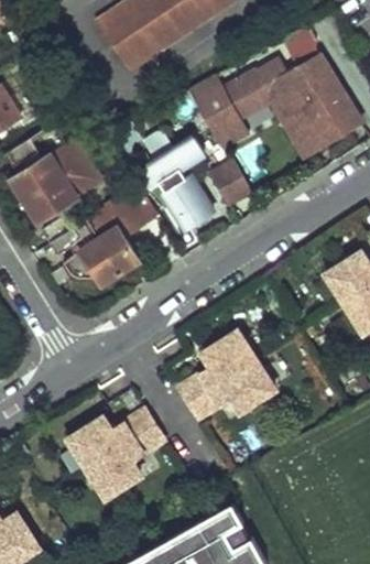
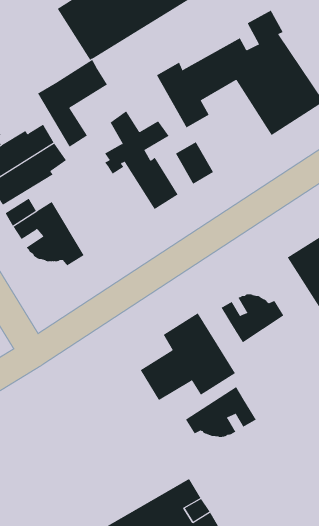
building: [90,184,161,272] -> [37,59,108,148]
building: none -> [221,294,284,343]
building: none -> [185,386,257,438]
building: [65,410,162,497] -> none

